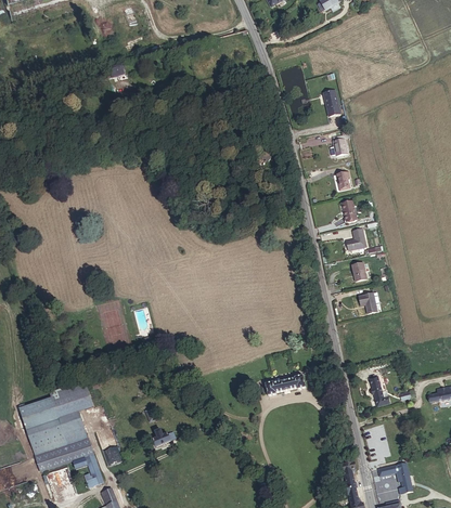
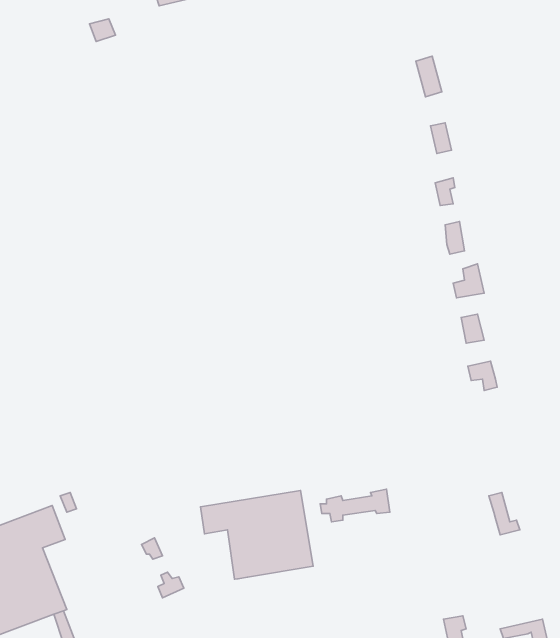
building: none -> [200,491,313,579]

